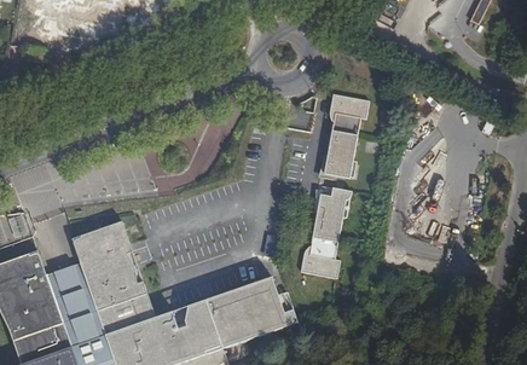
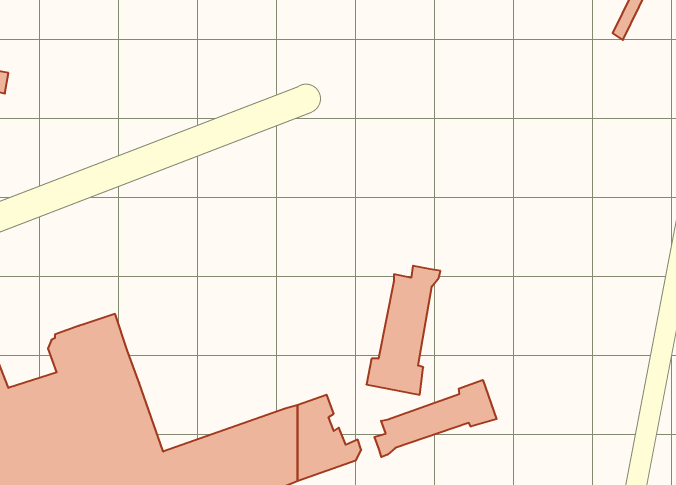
building: [322,94,366,178] -> none
building: none -> [374,380,497,457]

